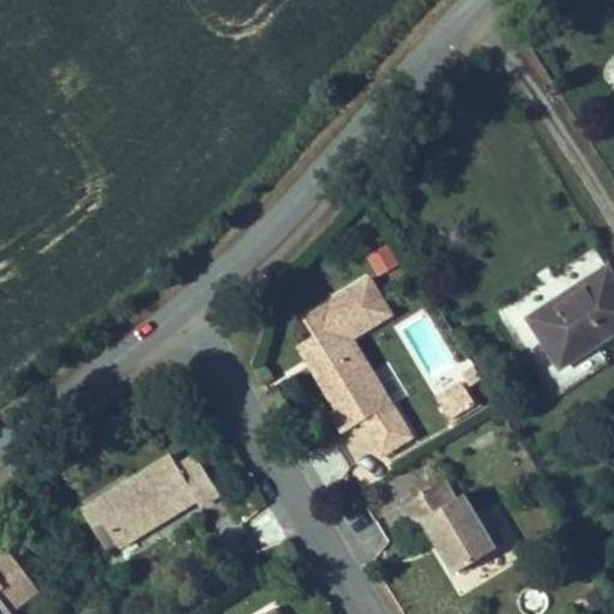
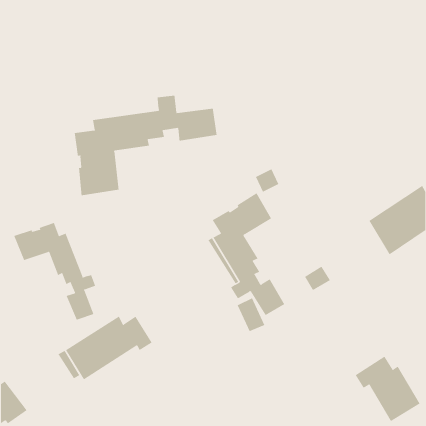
building: none -> [74,95,217,196]
building: none -> [13,222,96,321]
building: [402,478,496,573] -> [355,356,421,422]

